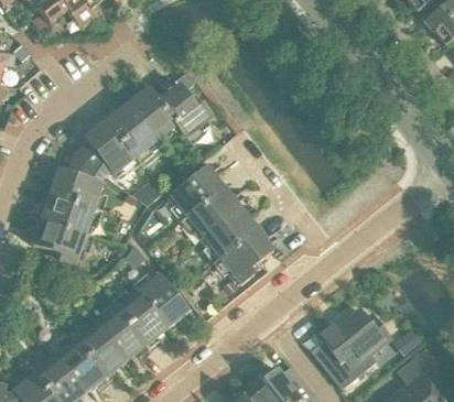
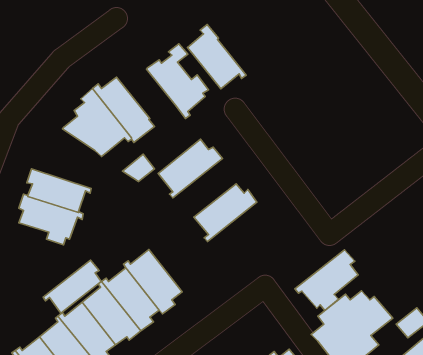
building: [125,83,181,144] -> [187,24,246,89]
building: [43,154,105,211] -> none
building: [179,183,239,239] -> none
building: [212,225,272,283] -> [295,250,358,311]
building: none -> [43,260,101,313]

